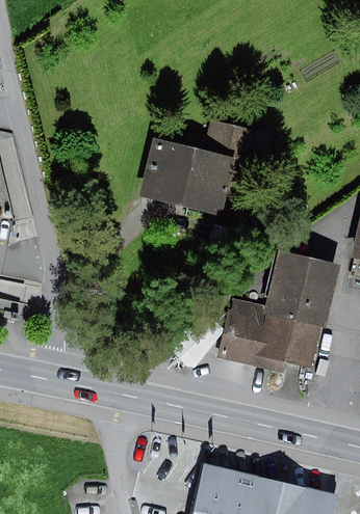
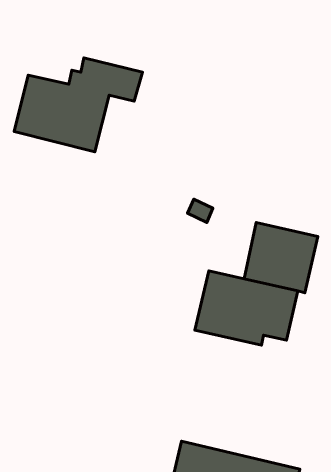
building: [138,119,271,216] -> [14,58,142,152]

